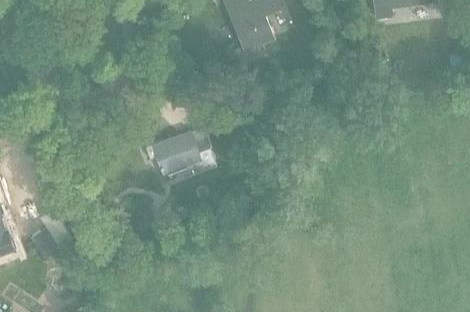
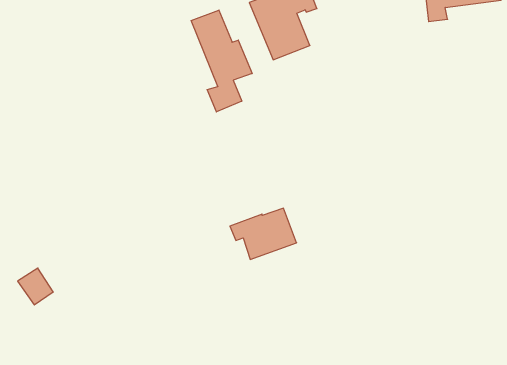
building: none -> [191,10,252,112]
building: [146,132,202,175] -> [230,208,297,259]

